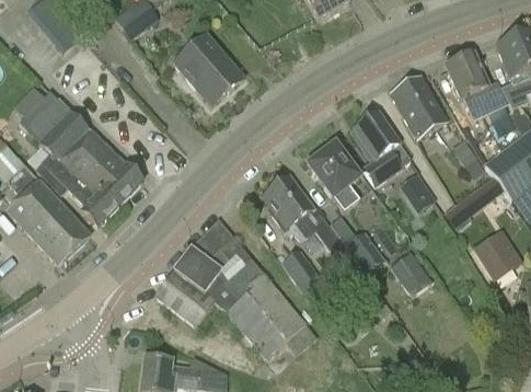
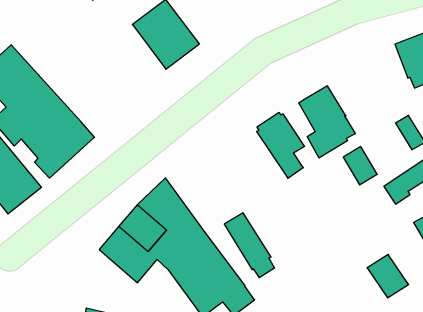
building: [391,77,448,139] -> none
building: [264,177,385,275] -> none
building: [389,252,432,297] -> [367,254,409,298]

